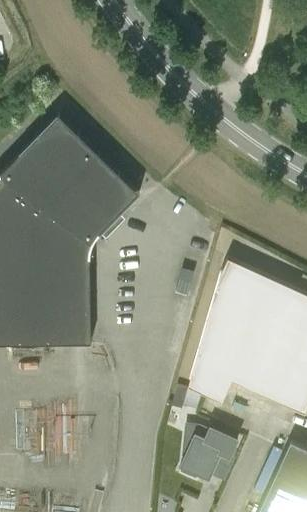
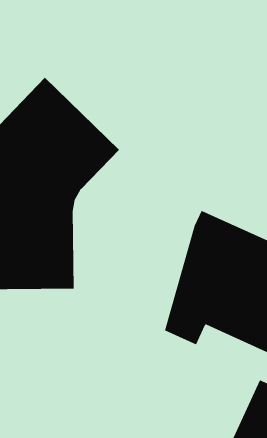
building: [178,428,238,481] -> none

